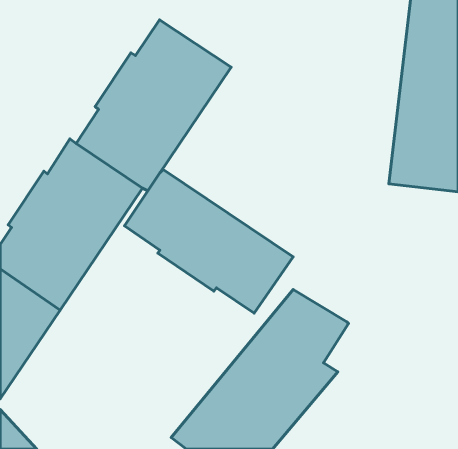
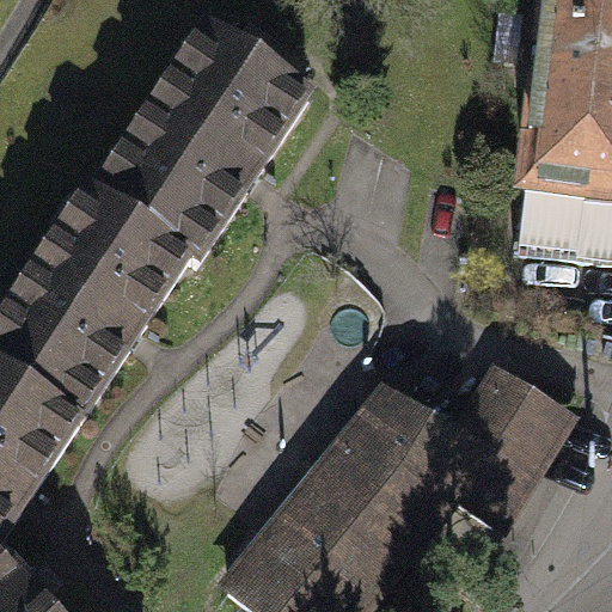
building: [124,169,293,313] -> none
building: none -> [432,367,563,516]

